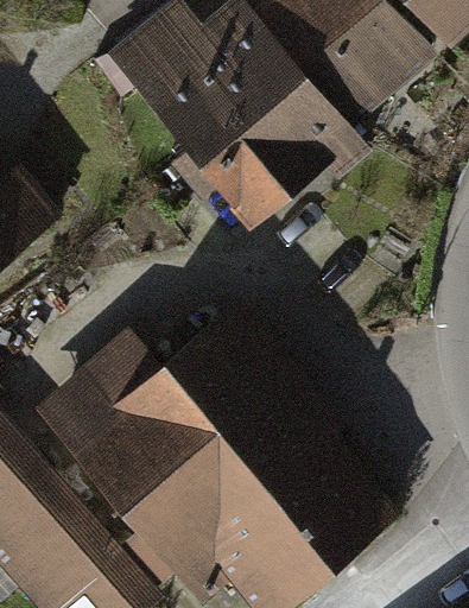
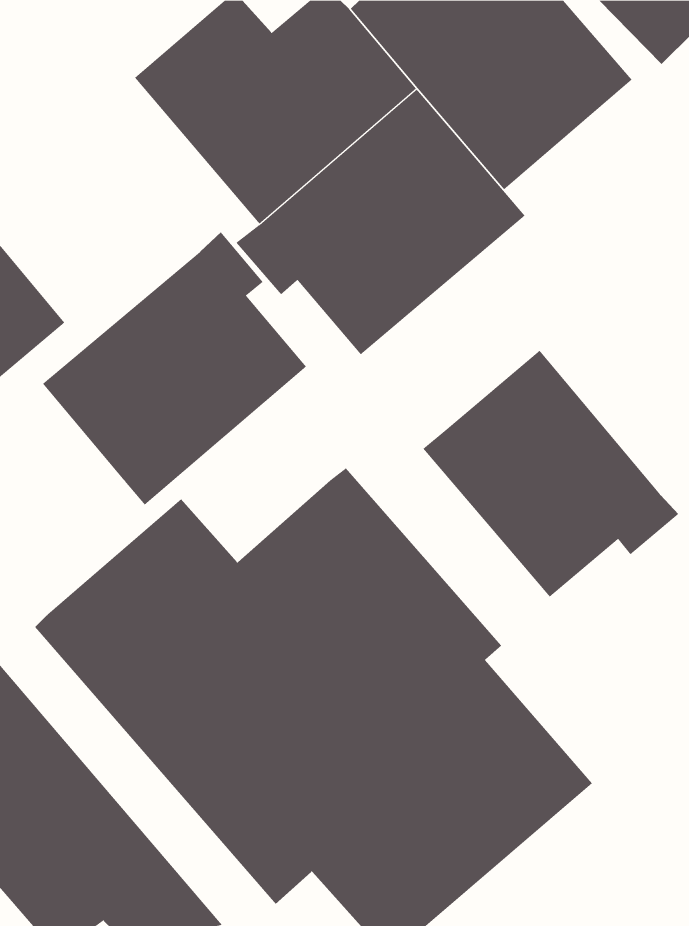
building: none -> [42,232,307,505]
building: none -> [423,350,679,598]

